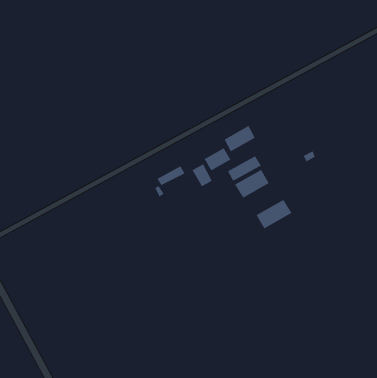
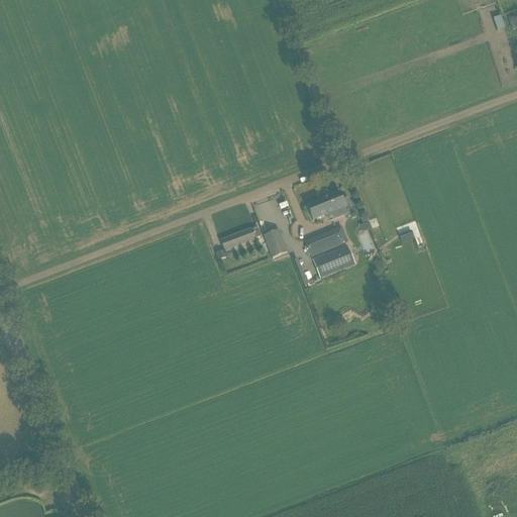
building: [204,148,231,171] -> none
building: [256,199,292,229] -> none

